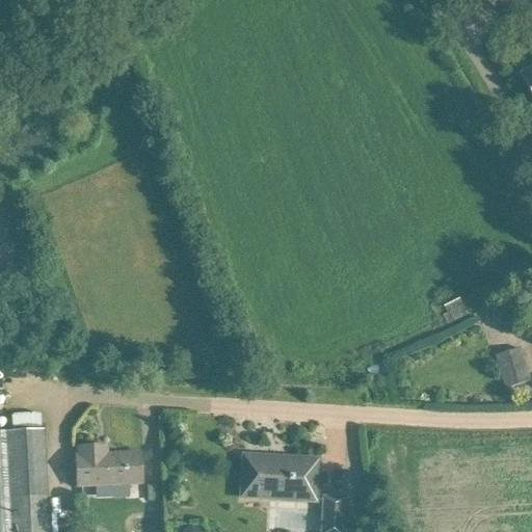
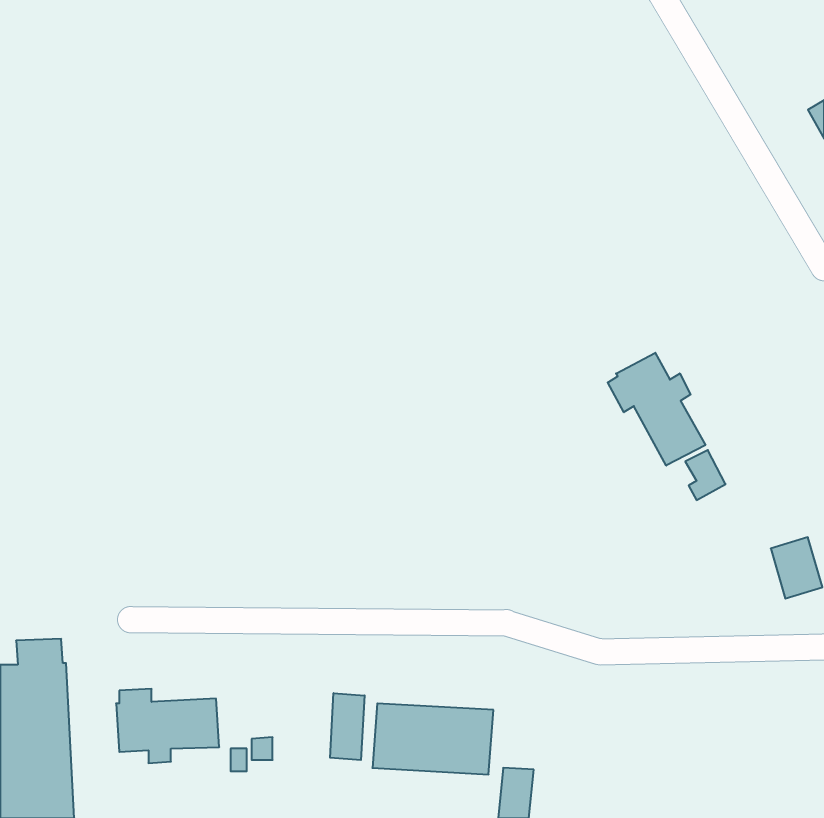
building: none -> [608,353,705,466]
building: none -> [330,693,365,760]

